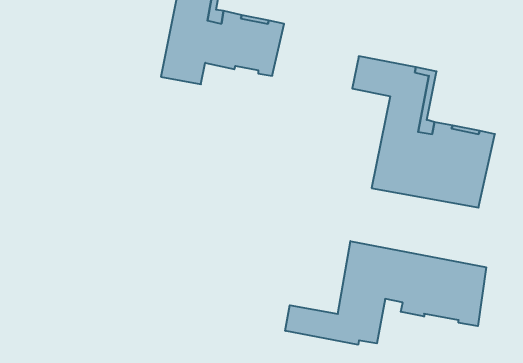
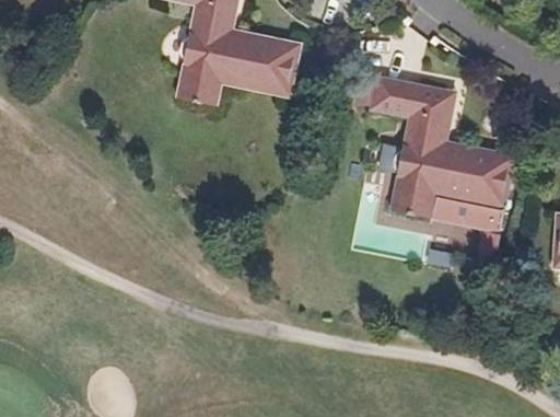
building: [285,241,486,345] -> none

